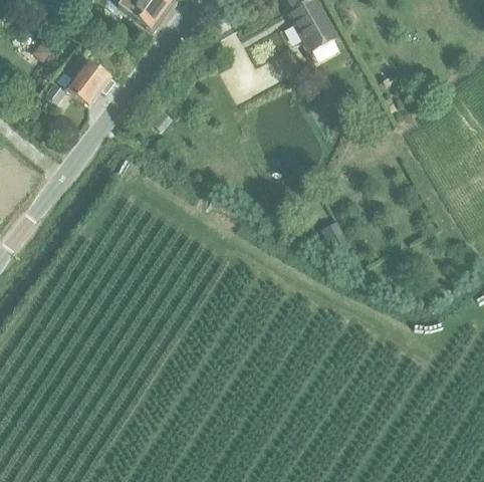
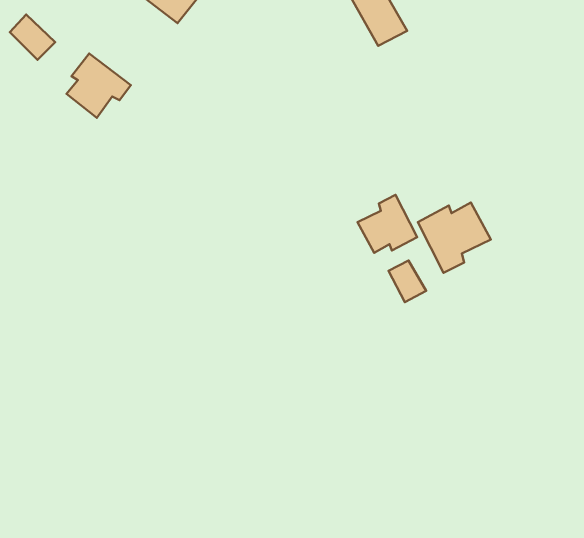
building: none -> [357,195,417,253]
building: none -> [418,203,491,273]

